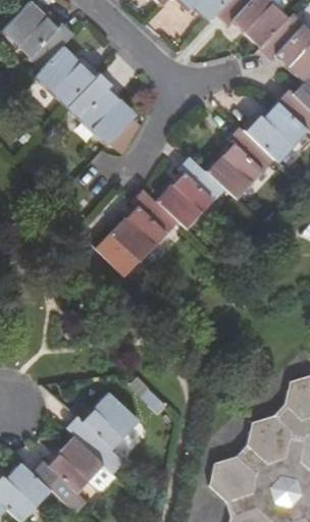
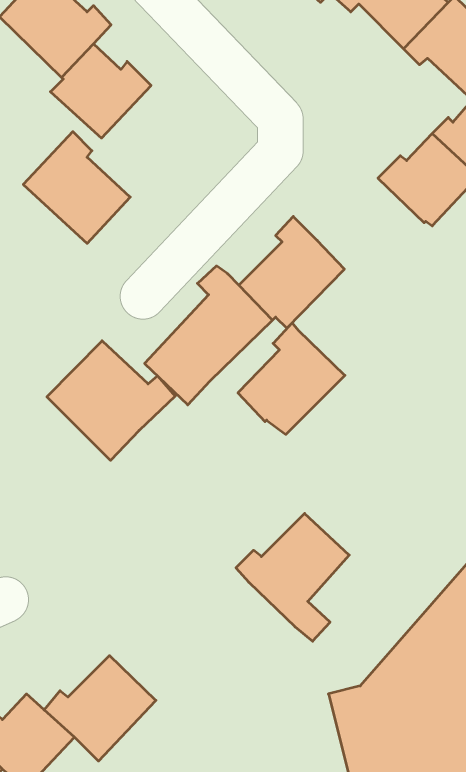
building: [68,73,137,145] -> [23,132,130,243]
building: [206,127,274,199] -> [238,323,345,434]
building: none -> [47,341,175,460]
building: [65,394,138,475] -> [236,513,349,641]

